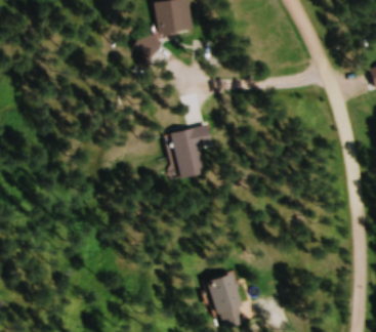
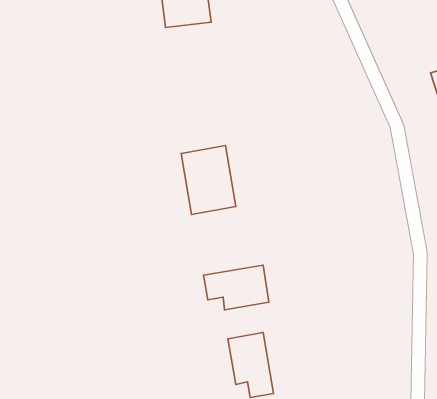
building: [133,29,163,58] -> none
building: none -> [204,265,269,310]

